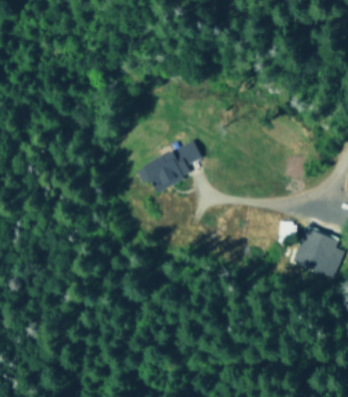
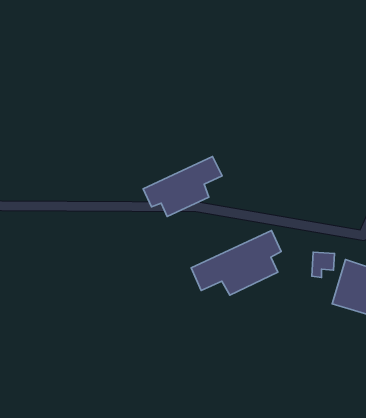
building: none -> [191,231,281,295]

